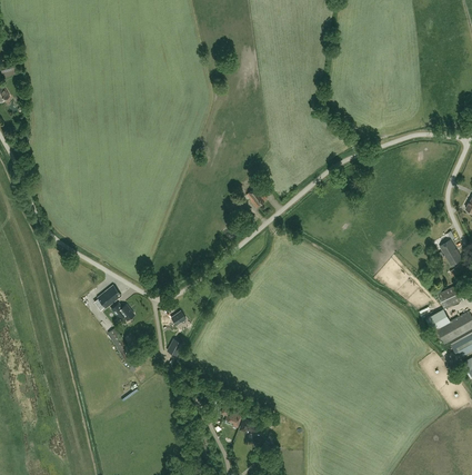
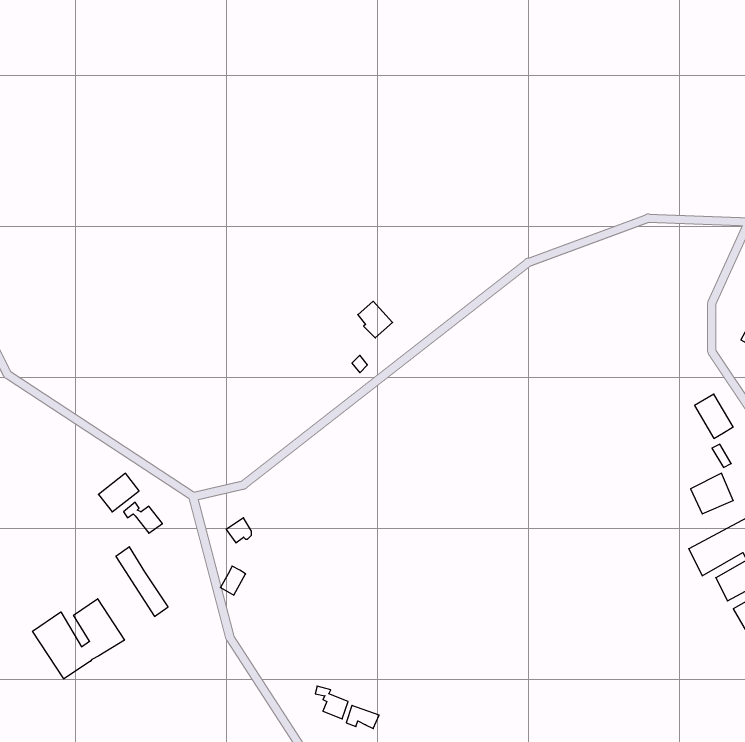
building: none -> [33,599,124,679]

